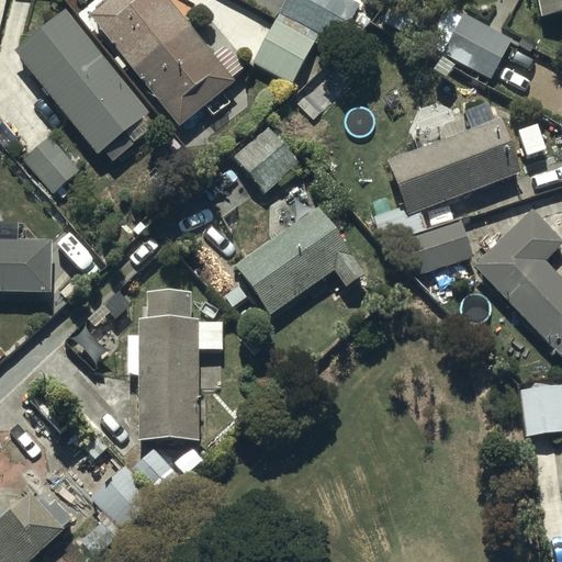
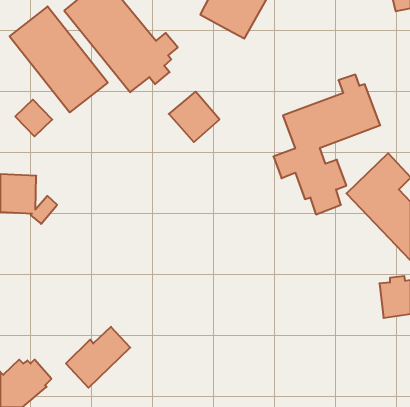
building: [441,11,513,77] -> none
building: [251,20,313,81] -> none
building: [234,207,363,315] -> none
building: [127,292,221,438] -> none

